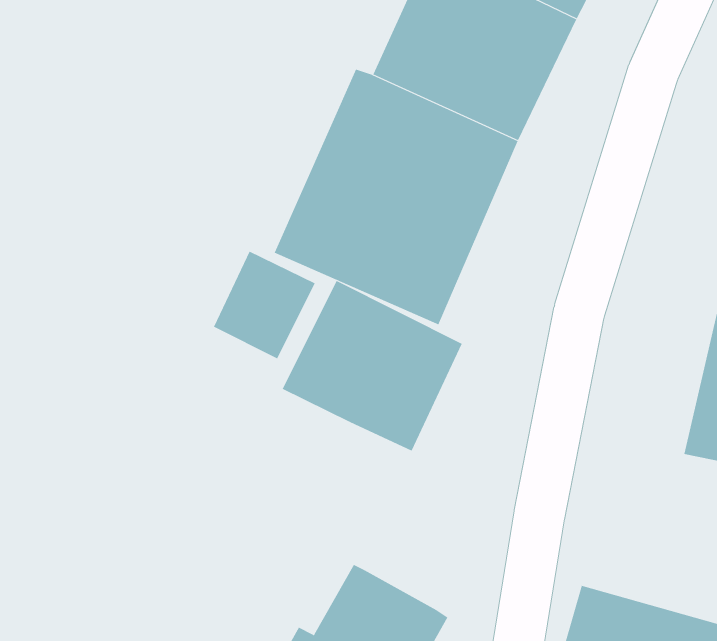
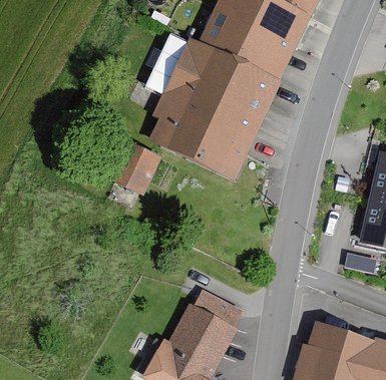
building: [282,280,463,452] -> none
building: none -> [195,290,243,329]

